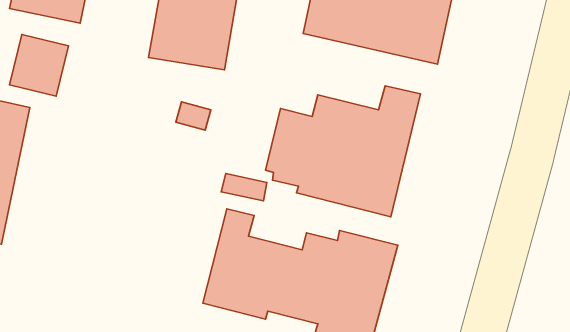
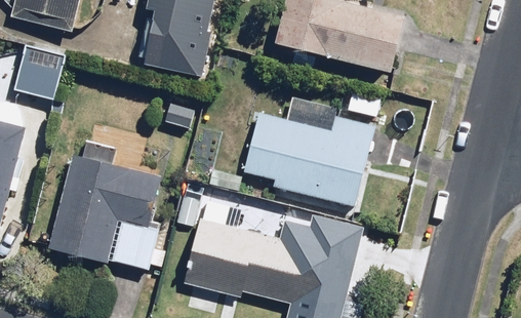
building: none -> [47,136,162,269]

